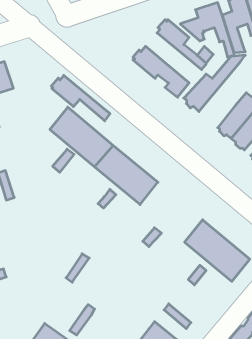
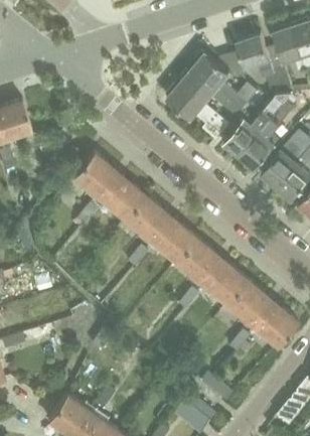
building: none -> [241,102,295,169]
building: [51,75,110,121] -> [179,68,246,120]
building: none -> [174,237,245,304]

